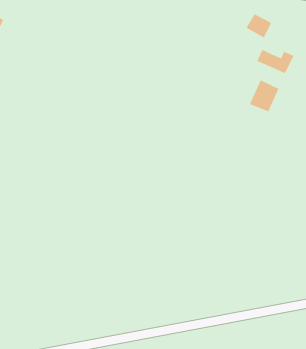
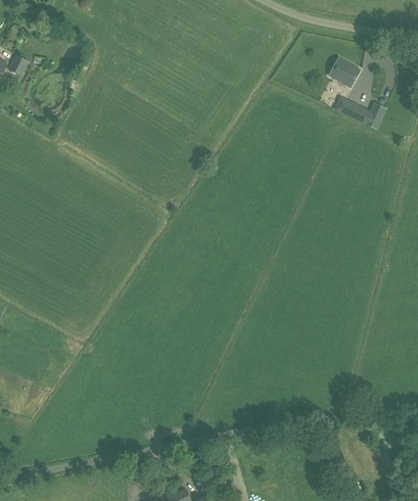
building: [249,79,279,112] -> none

